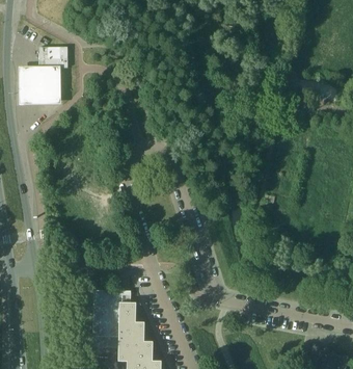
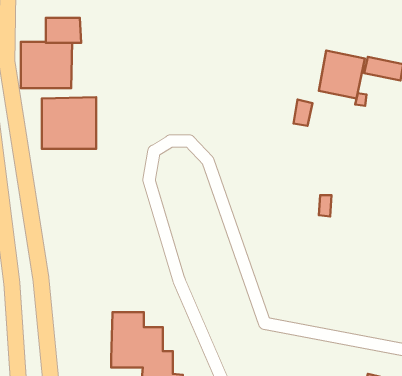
building: none -> [319,50,365,99]
building: none -> [42,97,96,149]

